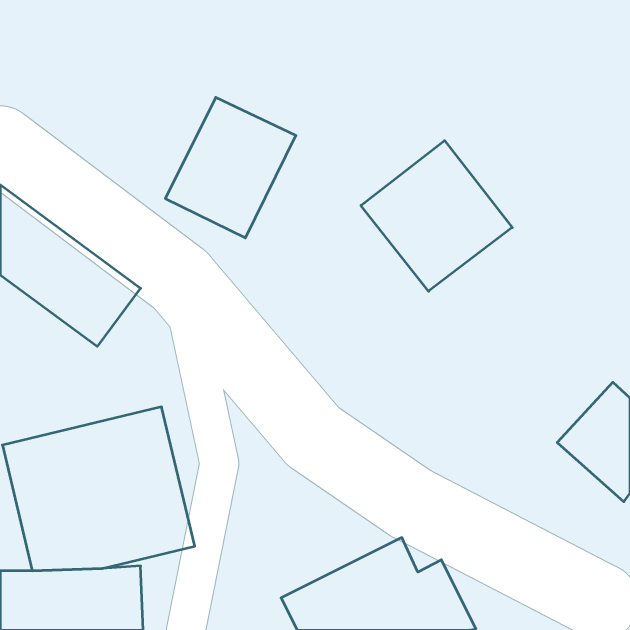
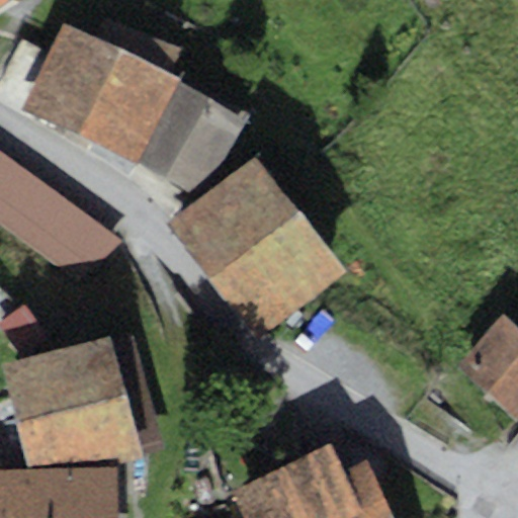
building: none -> [20,12,179,163]
building: [361,141,512,291] -> none
building: none -> [168,156,343,337]

